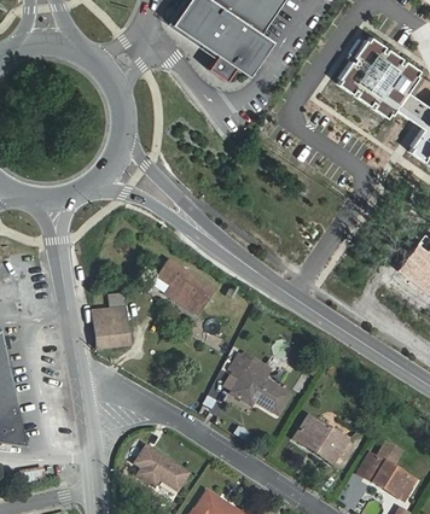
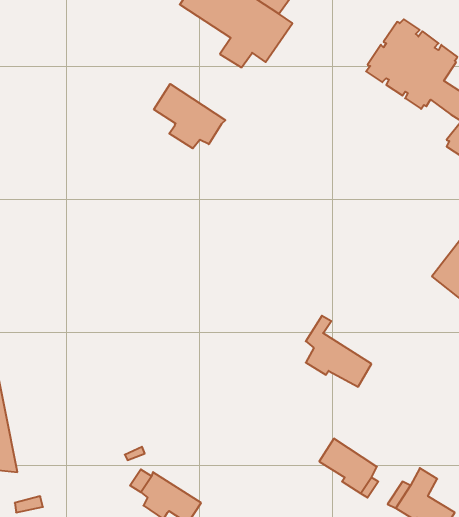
building: none -> [154,84,225,148]
building: [157,259,216,316] -> none
building: [93,308,129,350] -> none
building: [232,351,291,415] -> [306,316,371,387]

